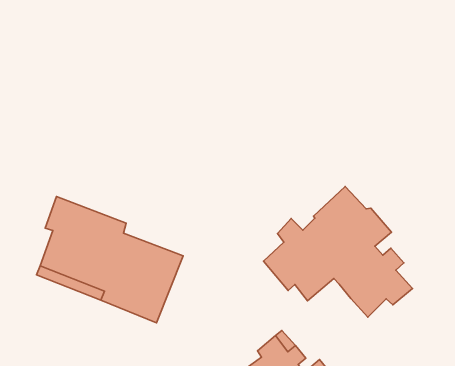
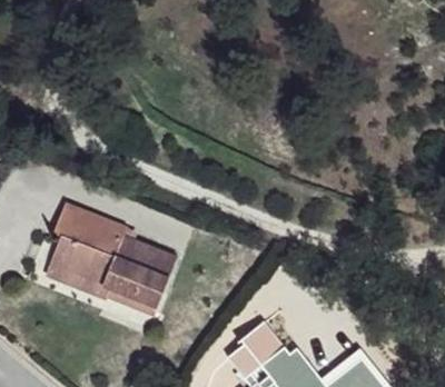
building: [264,186,413,317] -> none

